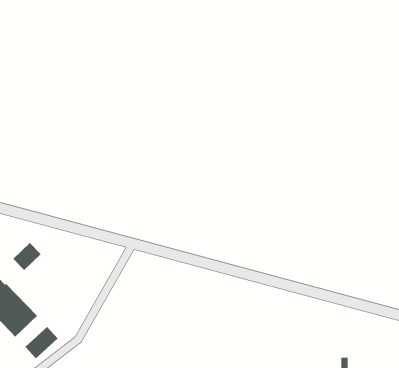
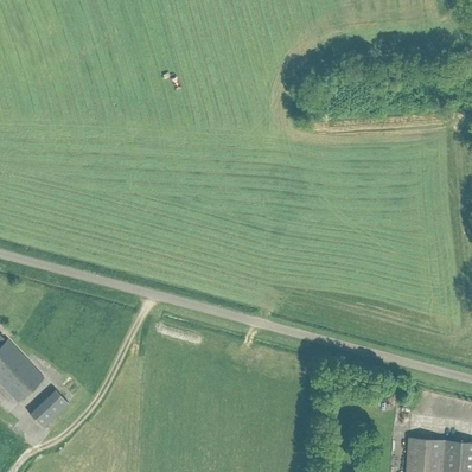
building: [12,242,42,271] -> none

